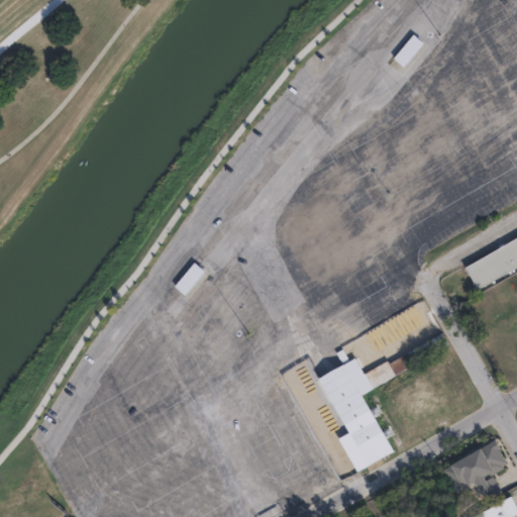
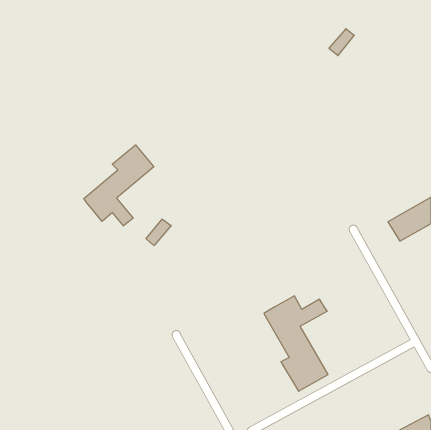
building: none -> [84,145,154,226]
building: [446,441,509,501] -> none

